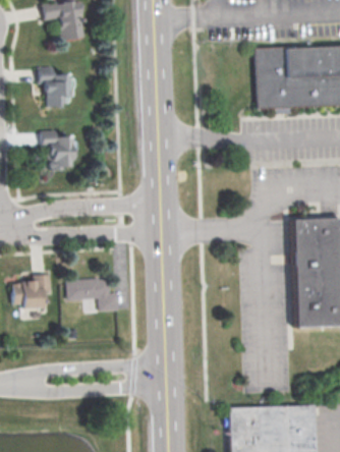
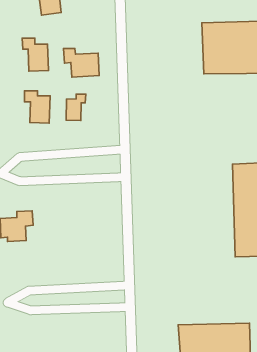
building: none -> [63,48,99,77]
building: none -> [66,94,86,121]
building: [68,276,120,308] -> none

